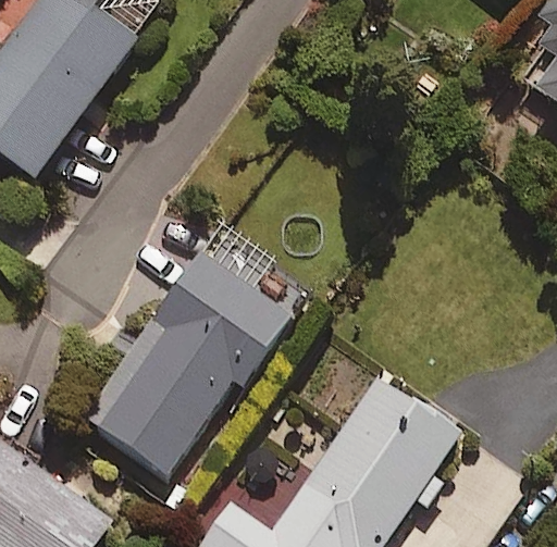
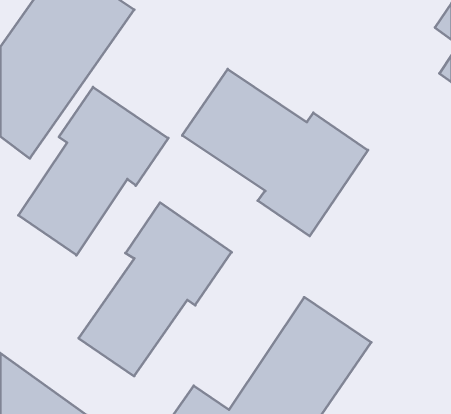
building: none -> [182,69,368,236]
building: none -> [18,87,168,255]

